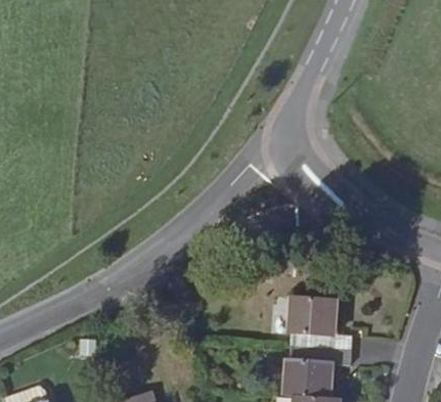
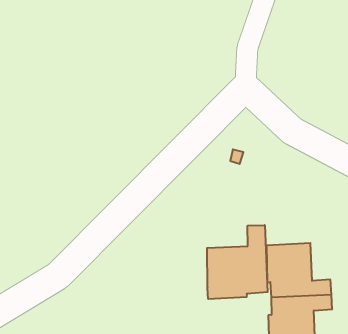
building: none -> [207,225,268,299]

